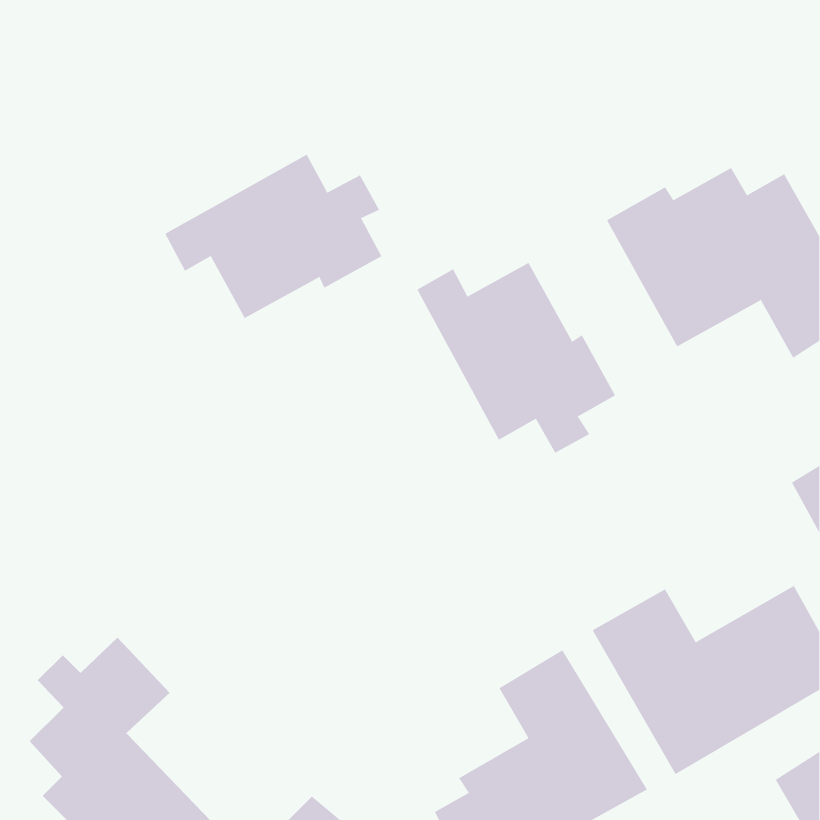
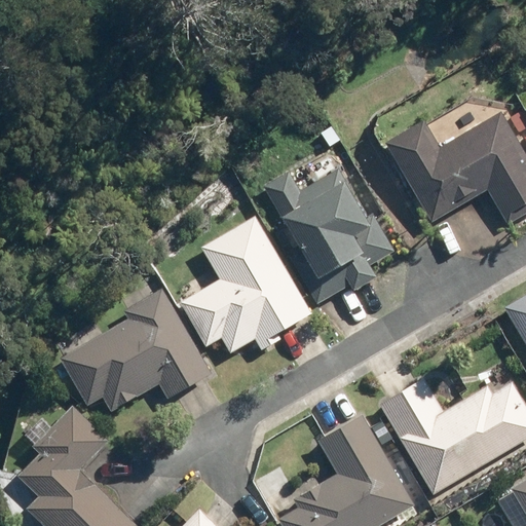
building: [165,154,382,319] -> none
building: none -> [175,216,312,354]
building: none -> [63,289,211,413]

